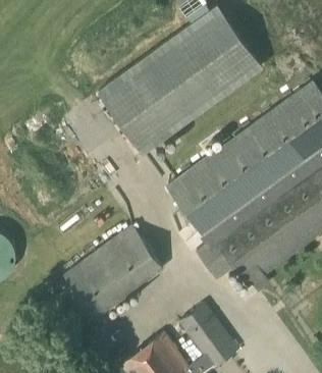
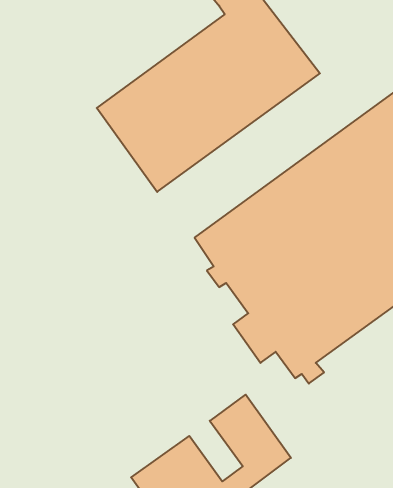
building: [61,225,163,318] -> none

